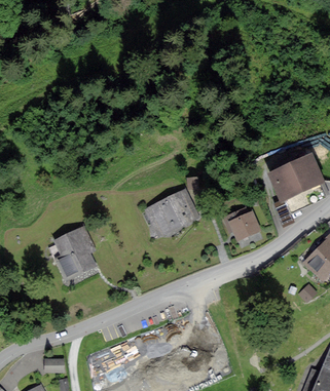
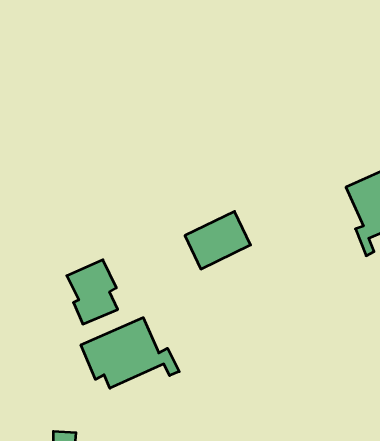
building: [224,209,259,238] -> none
building: none -> [81,318,179,388]

